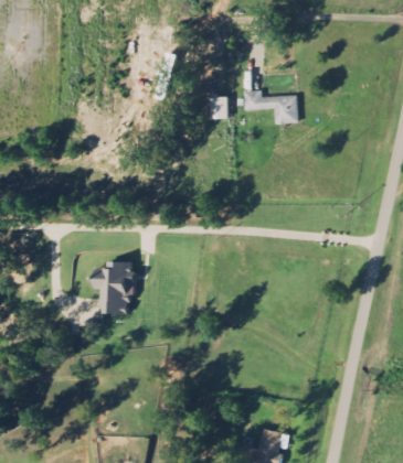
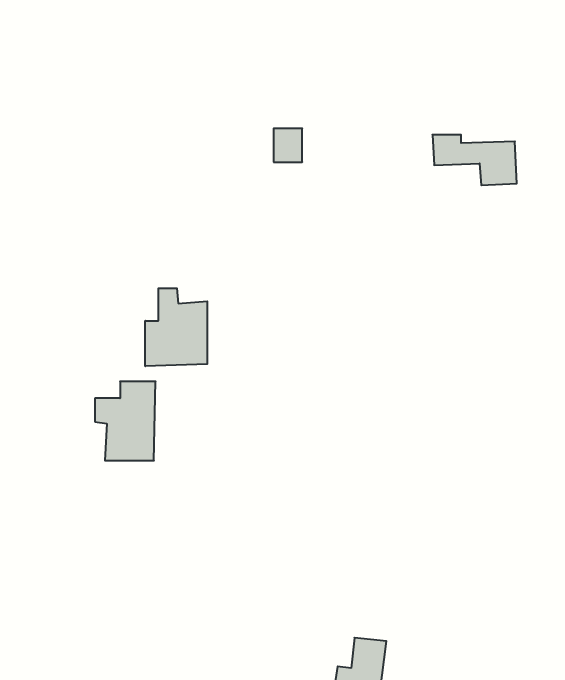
building: [243,90,298,123] -> [432,135,517,185]
building: none -> [145,288,207,366]

